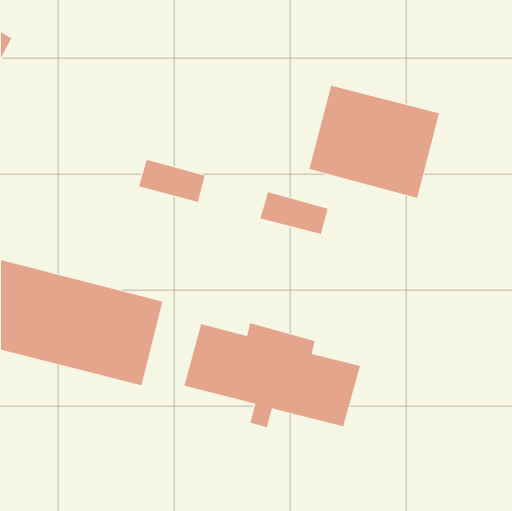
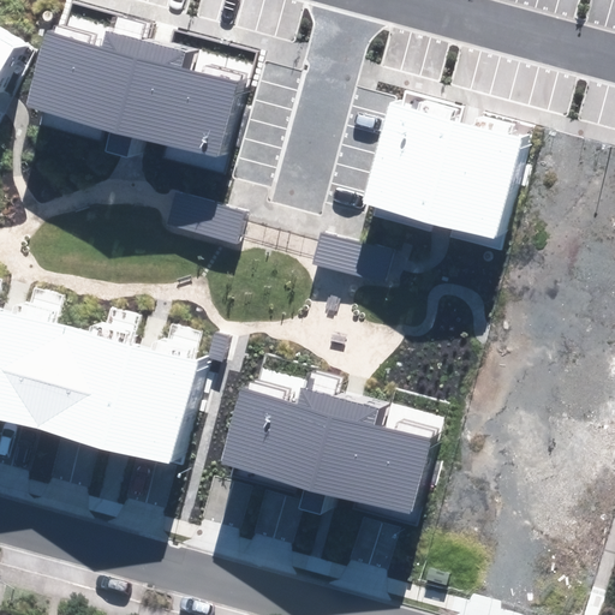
building: none -> [26,31,238,156]

